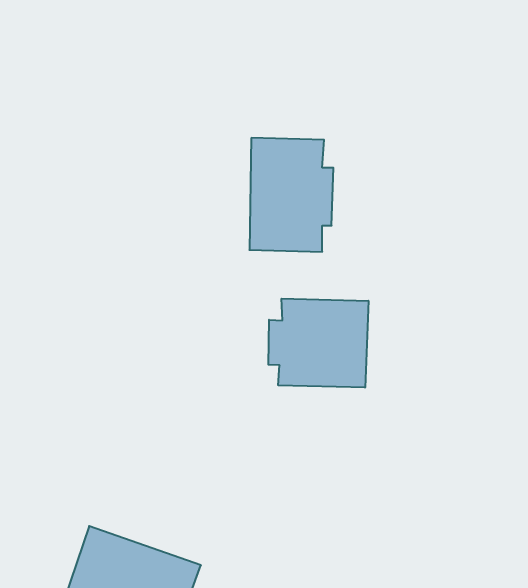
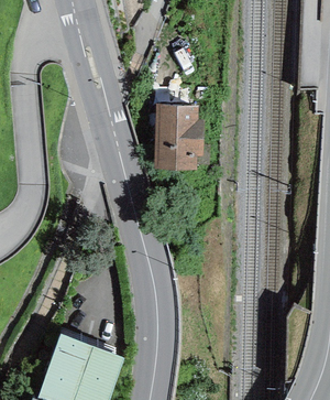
building: [268,299,368,388] -> none

